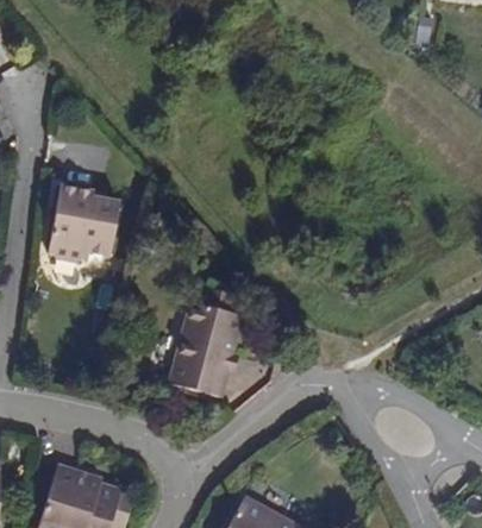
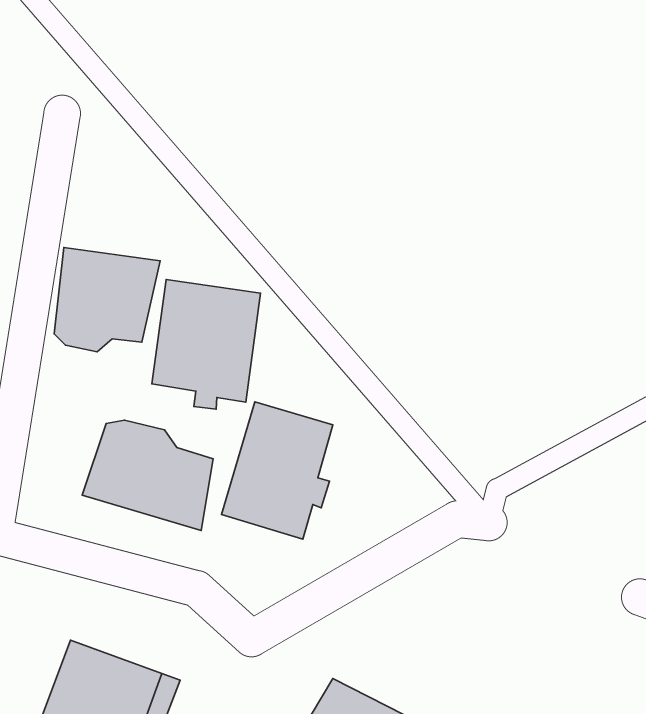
building: none -> [152,280,260,409]
building: none -> [82,420,213,531]

